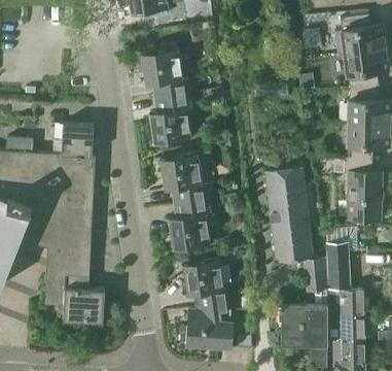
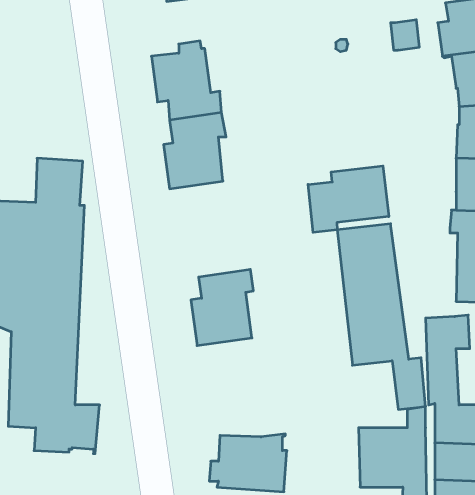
building: none -> [308,166,389,232]
building: [159,155,208,204] -> none
building: [182,260,231,312] -> none

